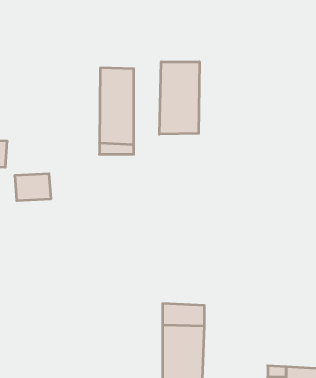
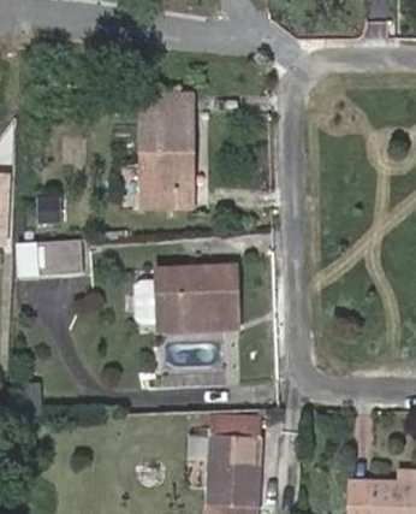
building: [159,62,199,134] -> none
building: none -> [142,260,245,317]

